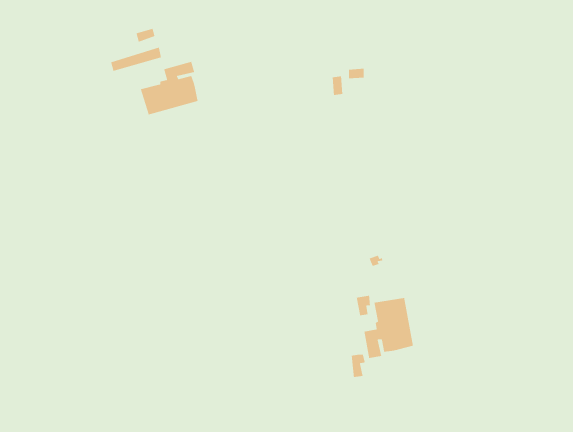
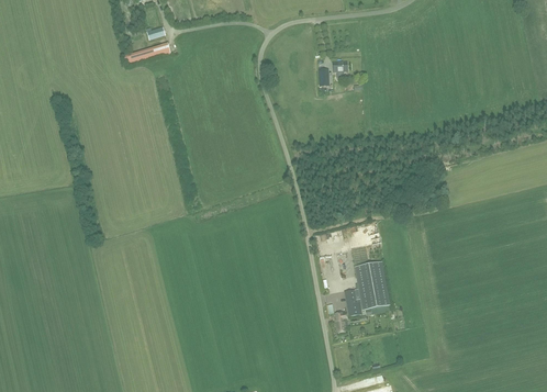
building: [140,61,198,116] -> none

